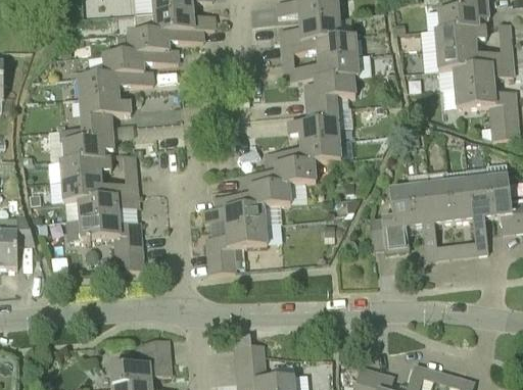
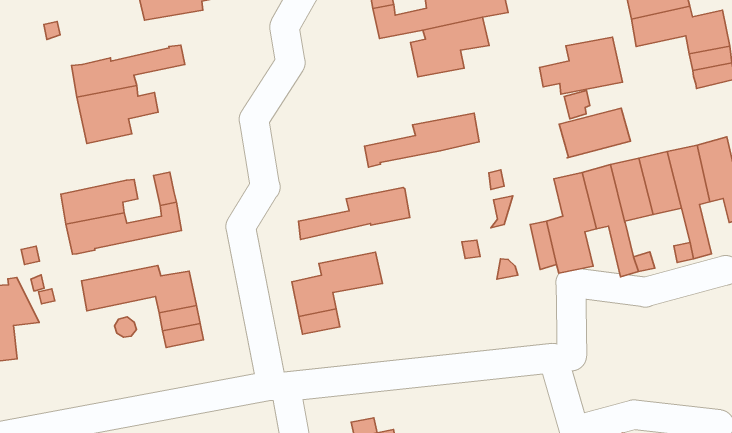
building: [102,48,178,76] -> none
building: [287,108,341,142] -> [539,37,622,94]
building: [50,126,113,160] -> none
building: none -> [559,108,630,158]
building: [240,161,317,188] -> none
building: [65,194,138,220] -> none
building: [203,204,265,227] -> none

